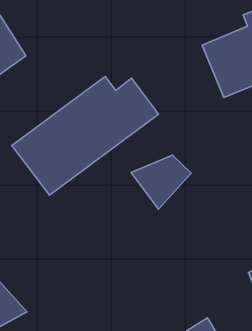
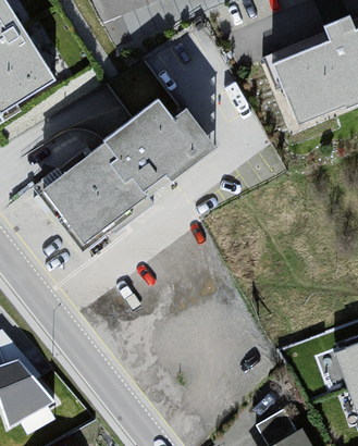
building: [131,155,191,209] -> none

